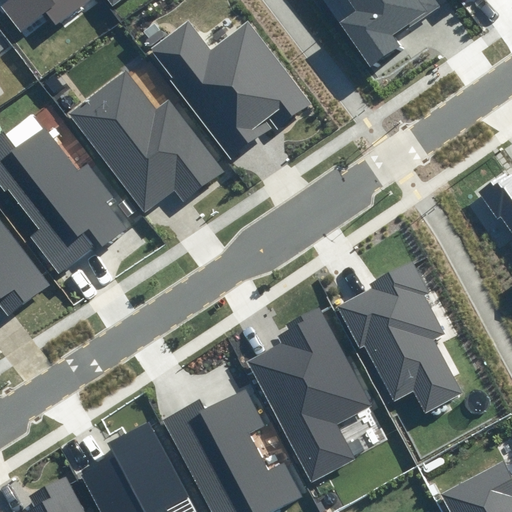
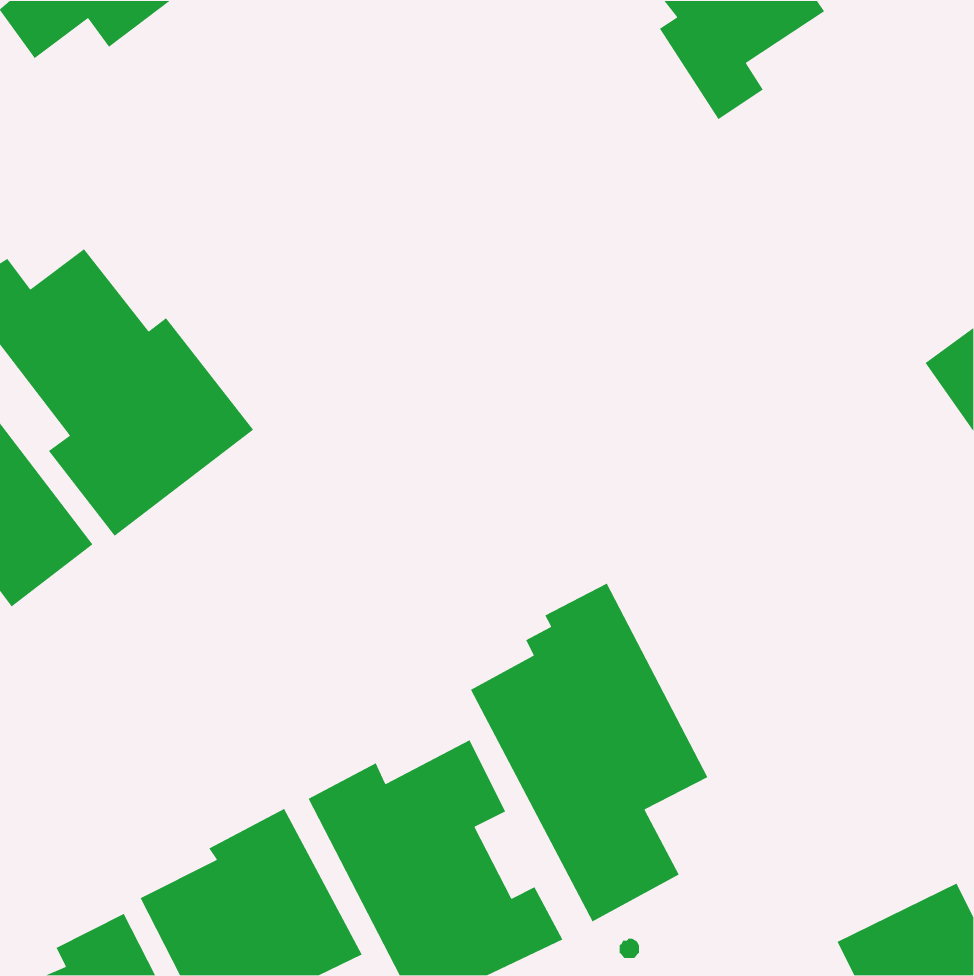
building: [146,20,309,162] -> none
building: [71,73,225,211] -> none
building: [339,260,463,412] -> none

